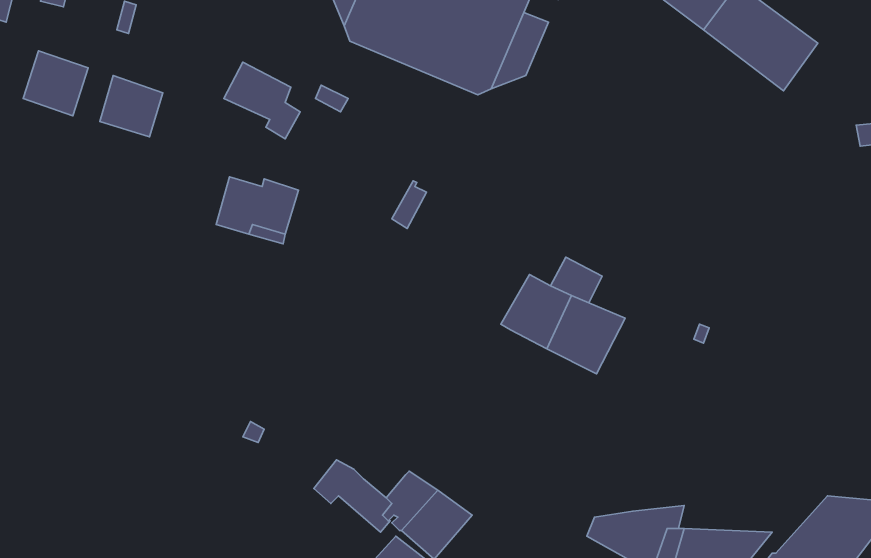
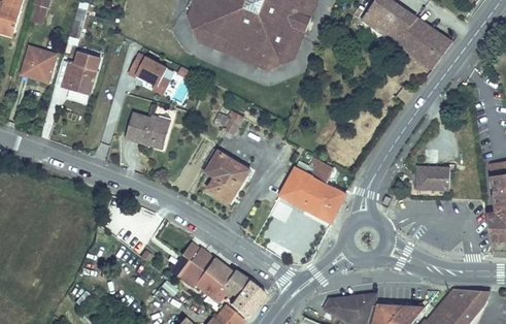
building: none -> [204,152,249,201]
building: none -> [416,166,452,192]
building: none -> [178,247,228,288]

